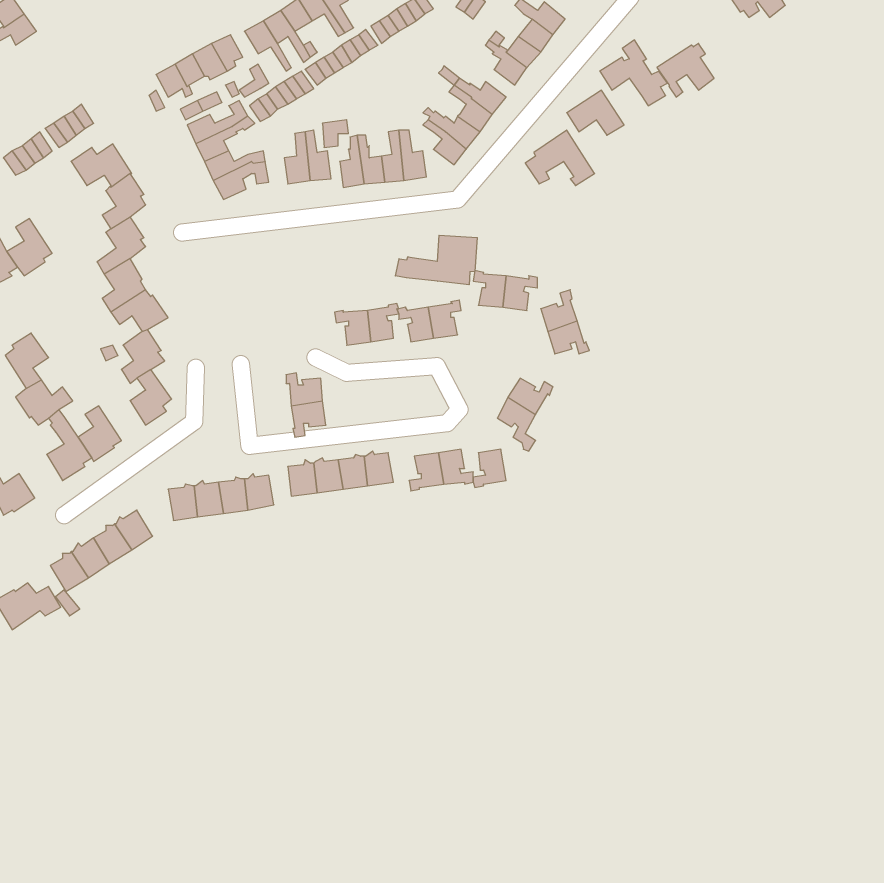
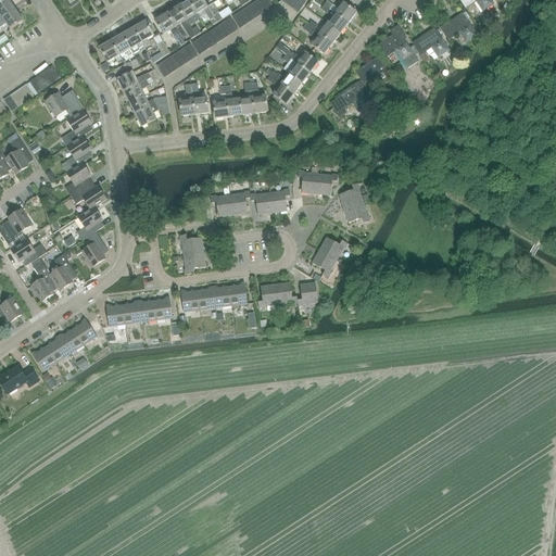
building: none -> [439,13,476,41]
building: [395,235,477,285] -> none

